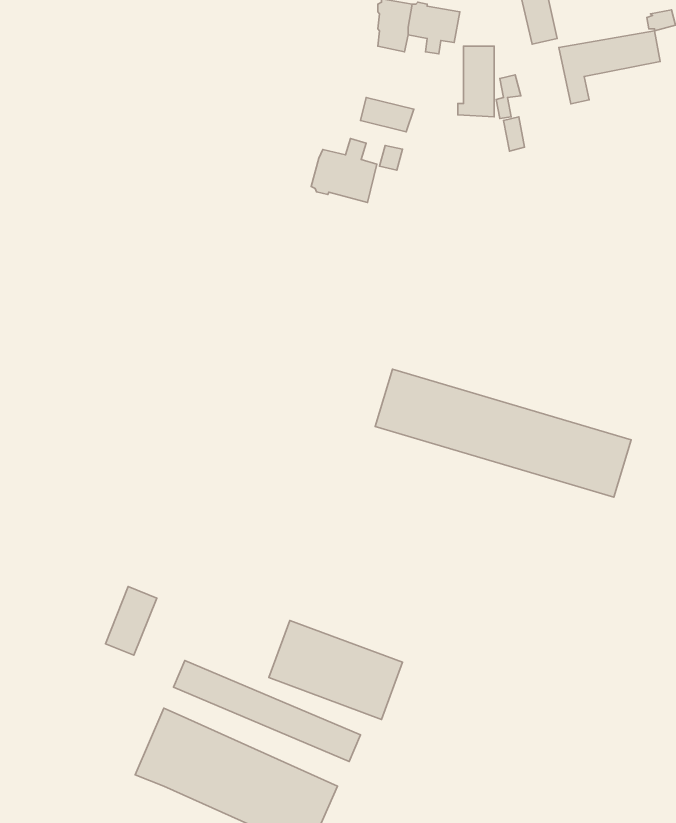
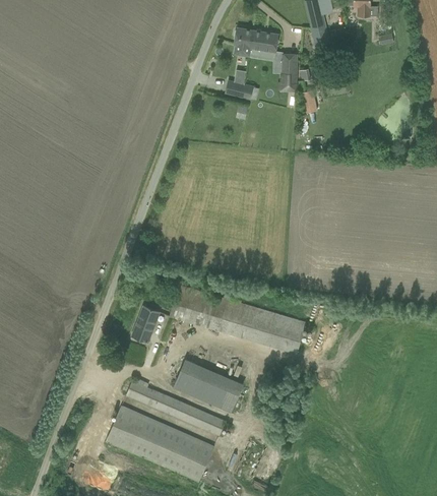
building: [559,31,660,104] -> none
building: [311,138,377,202] -> none
building: [375,369,631,497] -> [170,285,306,353]
building: [105,587,157,655] -> [132,305,160,342]

